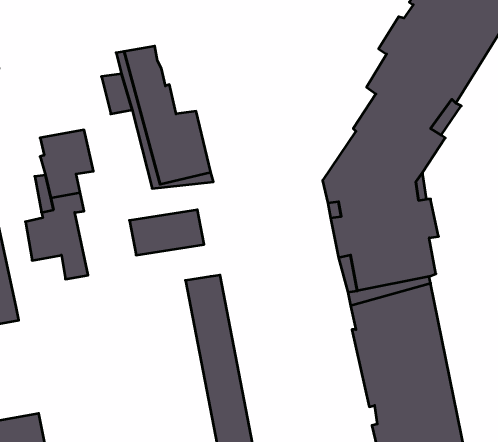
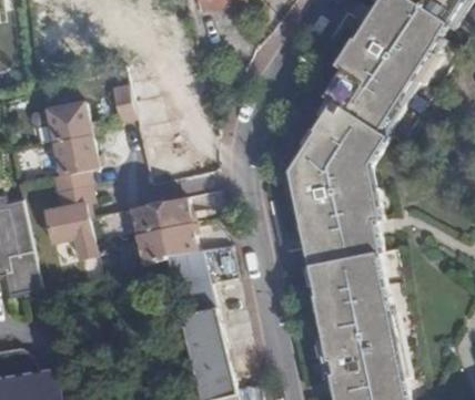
building: none -> [46,99,90,137]
building: none -> [133,226,195,261]

